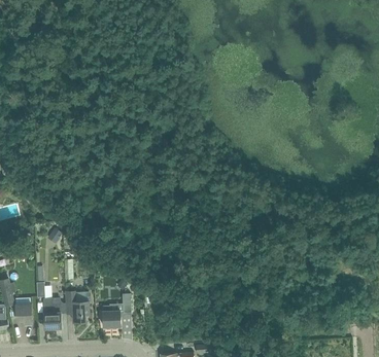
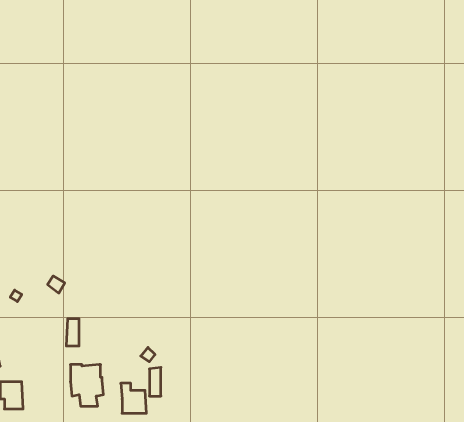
building: [43,297,61,329] -> none

